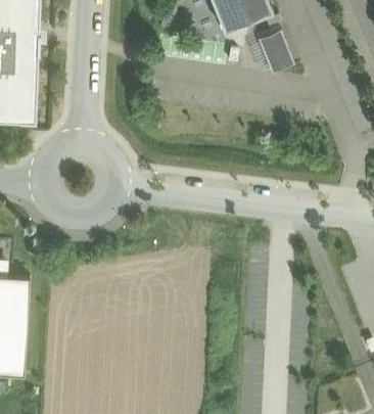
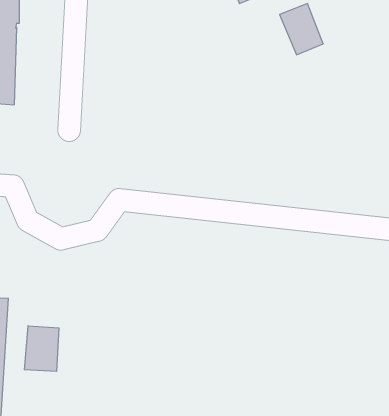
building: none -> [24,326,59,371]

